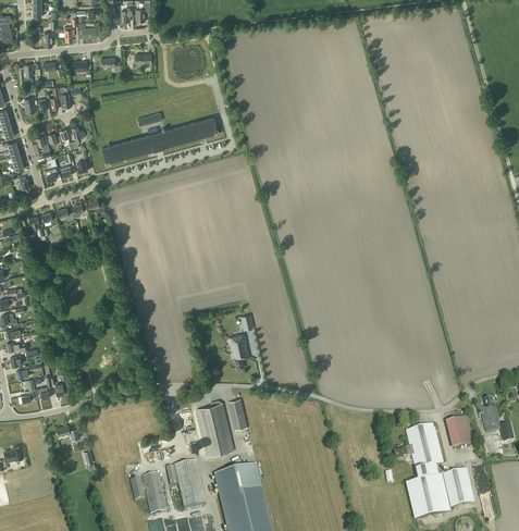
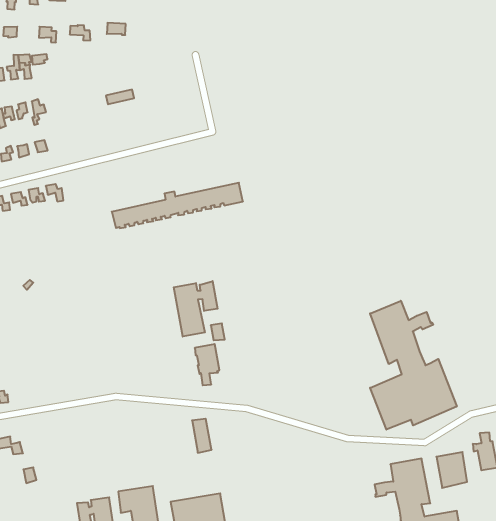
building: [102,116,218,162] -> [112,183,243,228]
building: none -> [174,281,218,337]
building: none -> [370,301,457,430]
building: [196,400,234,457] -> none

